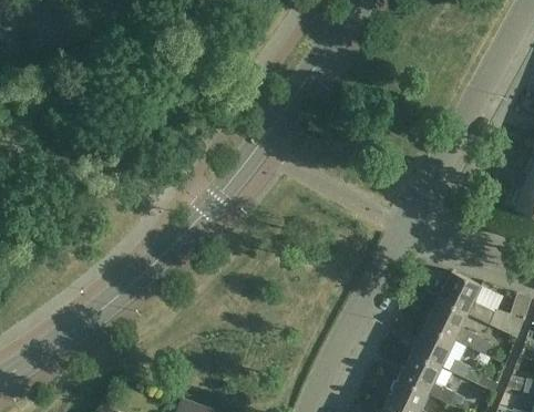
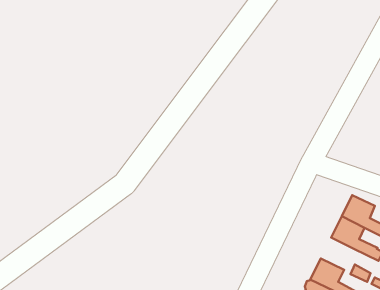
building: [413,326,455,367] -> none

